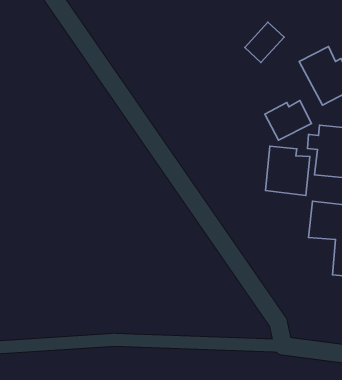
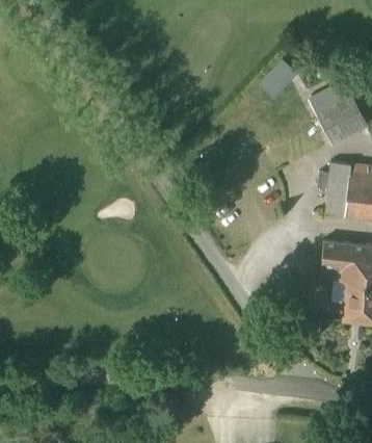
building: [265,101,312,140] -> none
building: [265,146,310,195] -> none

